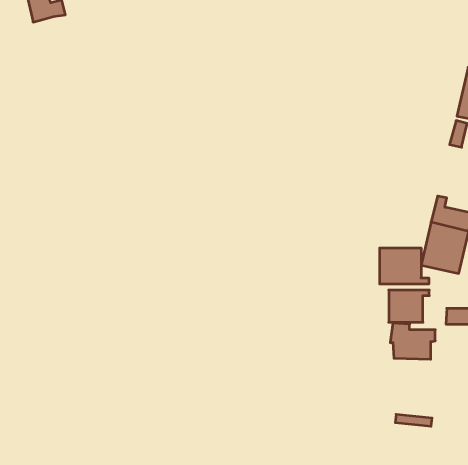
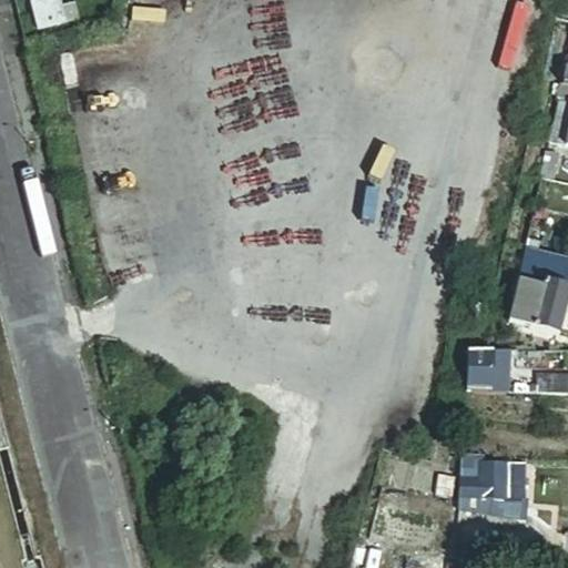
building: [380,248,429,284] -> none
building: [390,323,435,359] -> [464,454,518,497]

